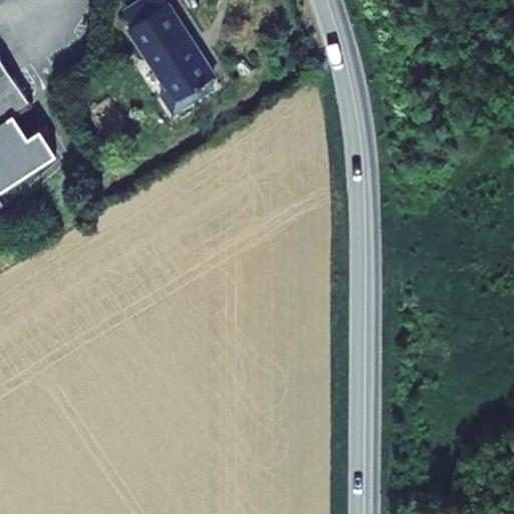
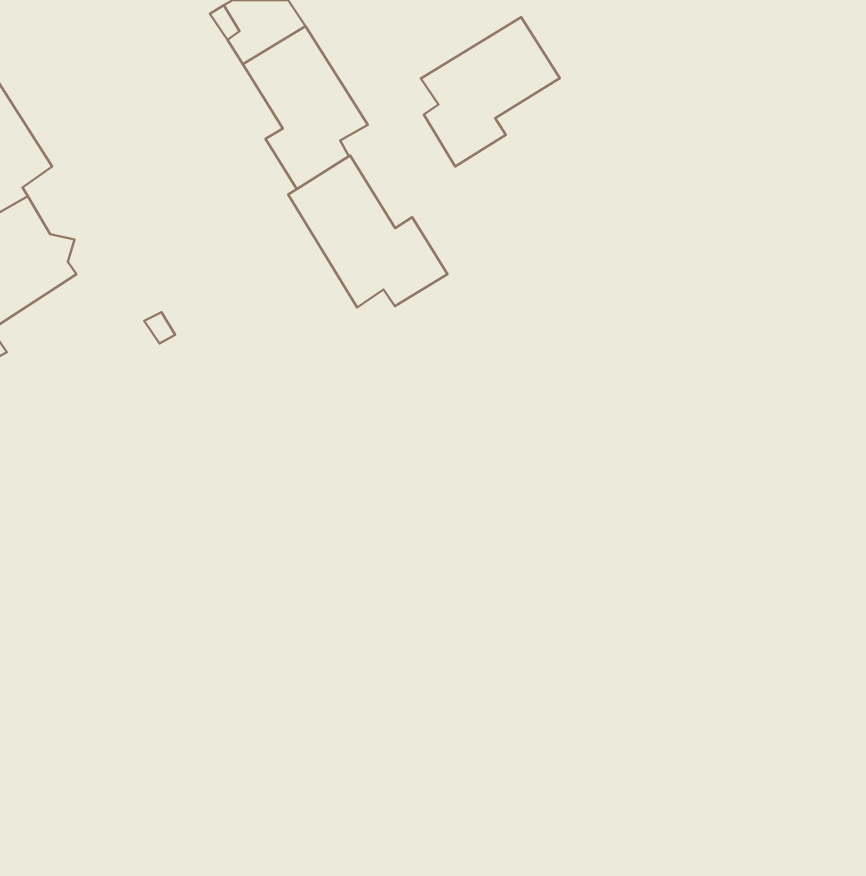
building: none -> [421,17,560,166]
building: none -> [288,155,448,308]

